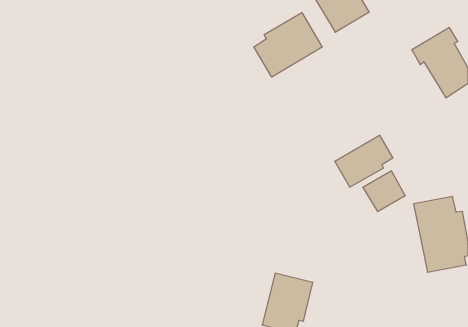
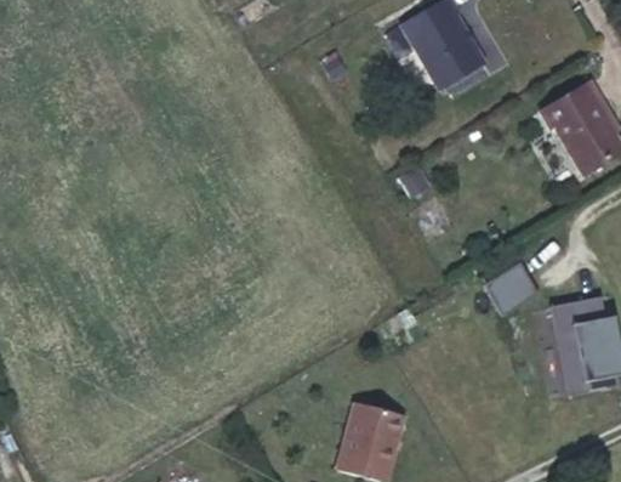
building: [254,13,322,77] -> none
building: [335,135,393,187] -> none

